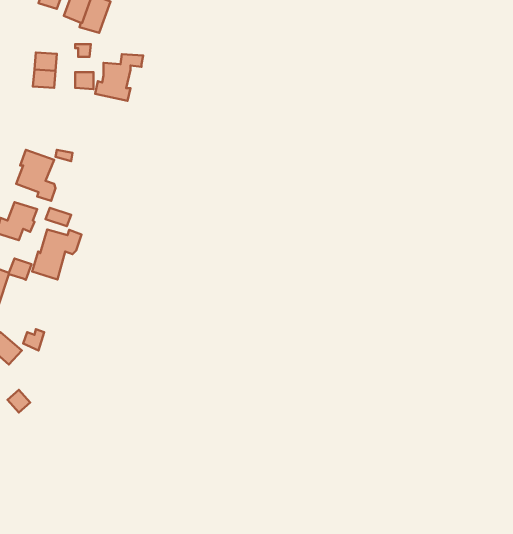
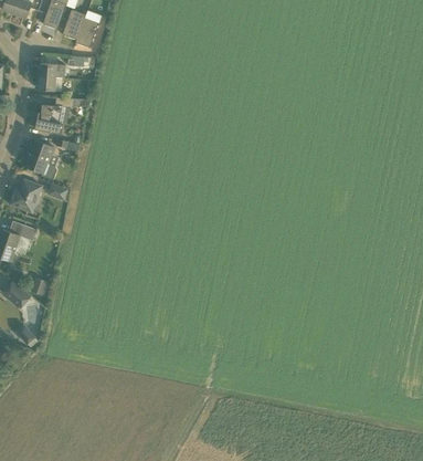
building: [95,54,143,101] -> [34,96,72,133]
building: [32,229,81,279] -> none

